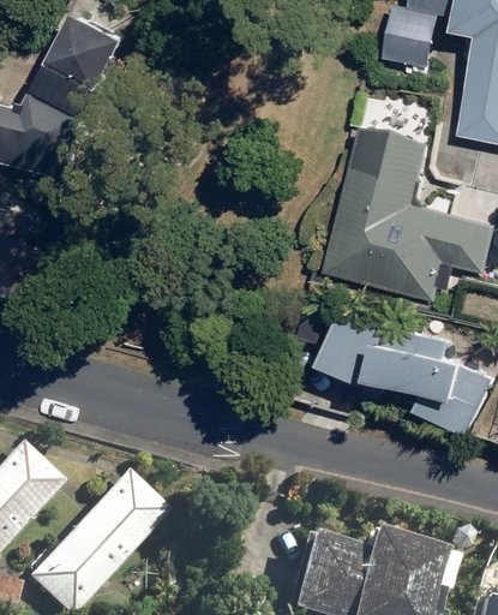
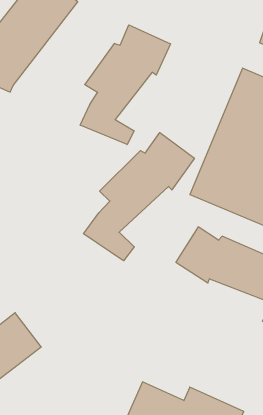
building: none -> [80,25,170,145]
building: none -> [84,133,194,261]

